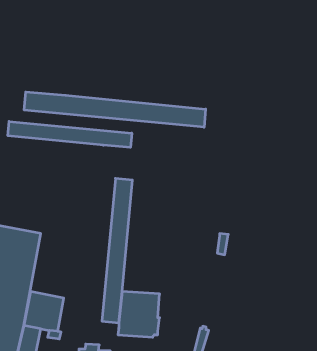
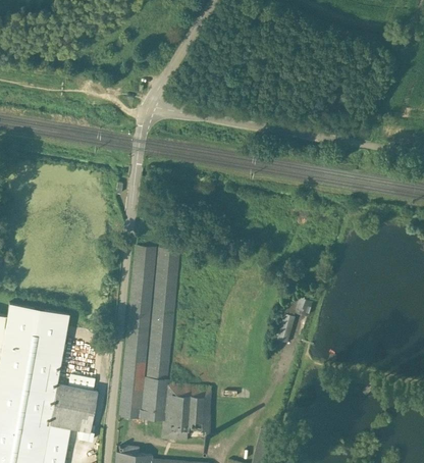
building: [24,92,206,127] -> none
building: [8,121,132,147] -> none
building: none -> [120,247,159,420]

